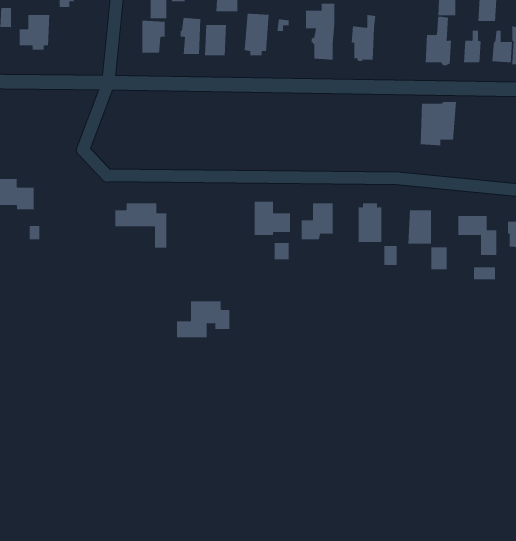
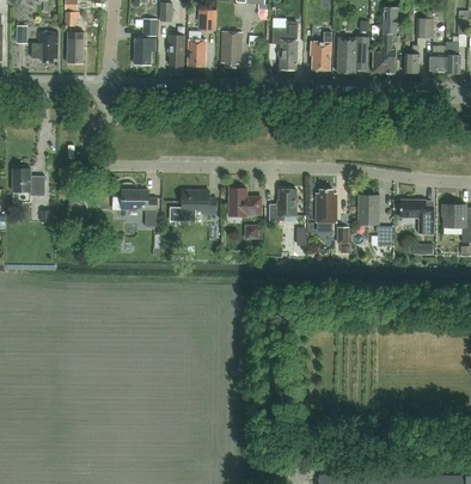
building: none -> [66,27,84,62]
building: [420,102,457,146] -> [337,36,368,73]
building: [176,301,230,338] -> [170,190,215,221]

